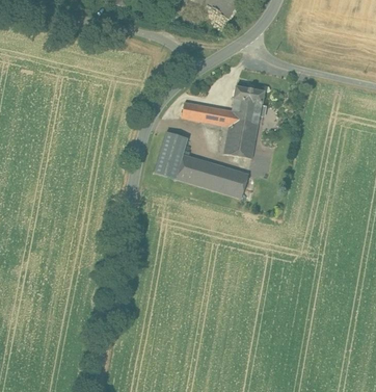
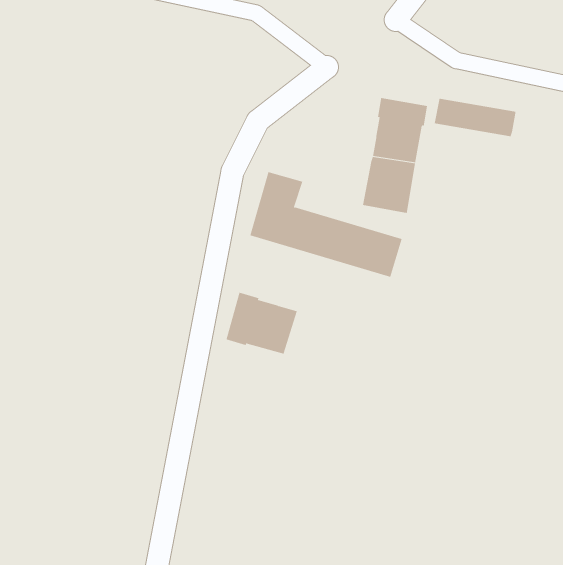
building: [182,102,233,126] -> [434,98,516,137]
building: none -> [226,292,297,355]

